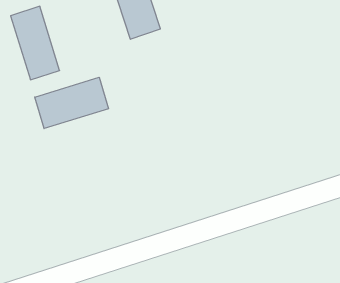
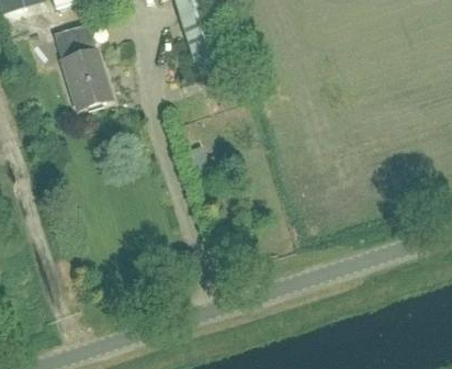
building: [35,77,108,129] -> none

